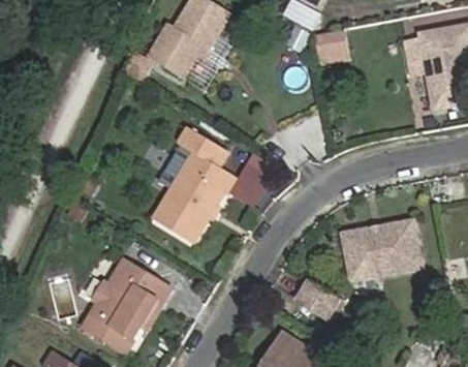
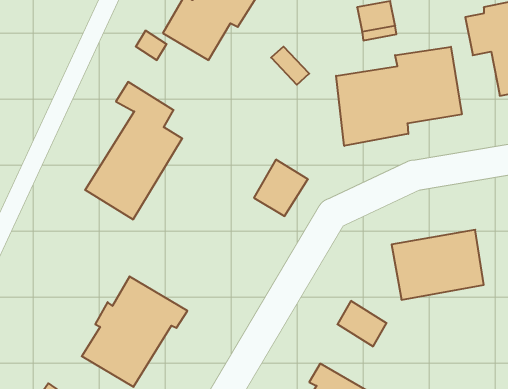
building: none -> [336,47,462,146]
building: [151,127,232,243] -> [85,82,182,219]

